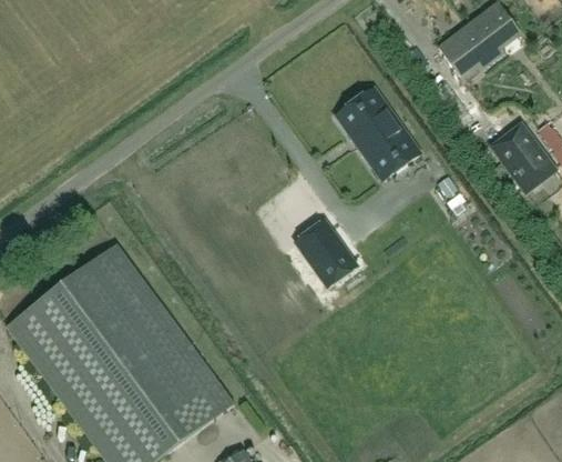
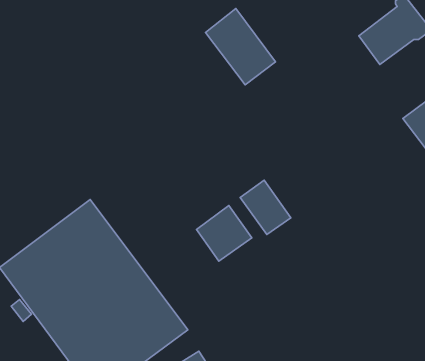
building: [337,88,421,180] -> [206,9,275,85]
building: none -> [197,206,252,261]

